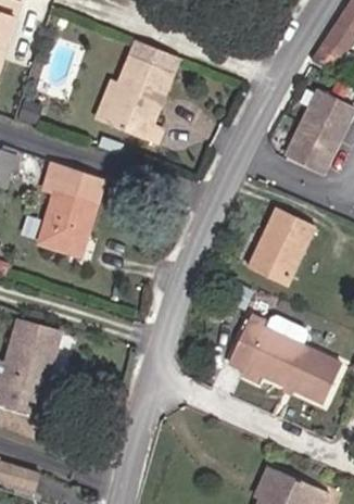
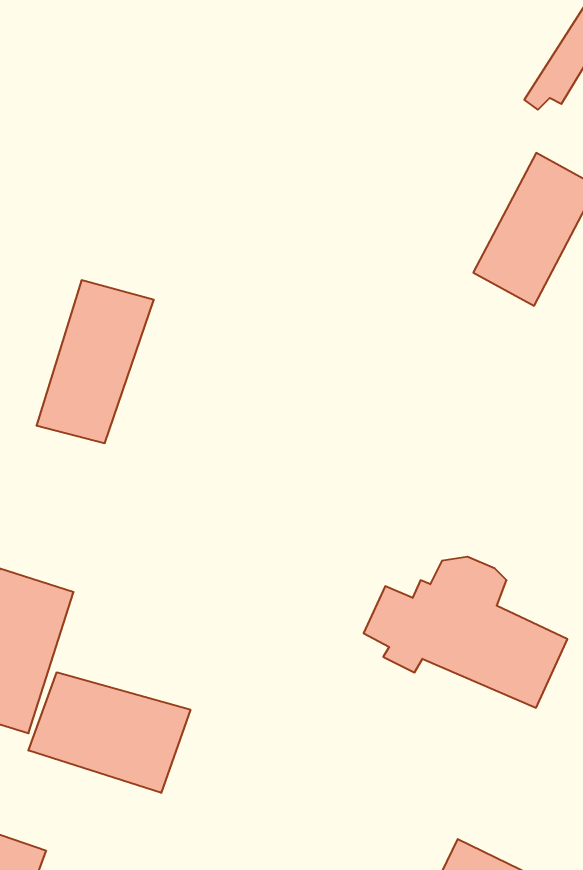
building: [110,40,181,138] -> none
building: [246,206,307,281] -> none
building: none -> [28,672,190,793]

